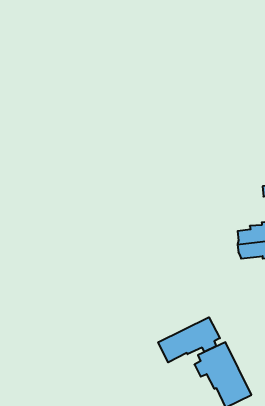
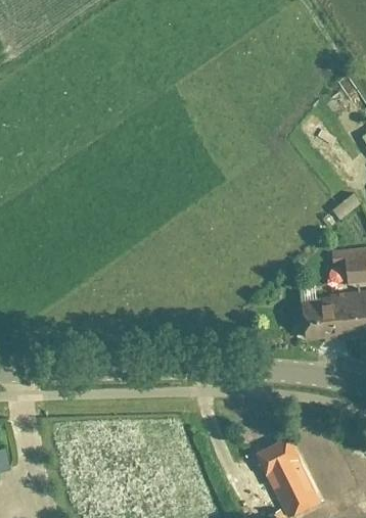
building: [158,317,220,362] -> none

